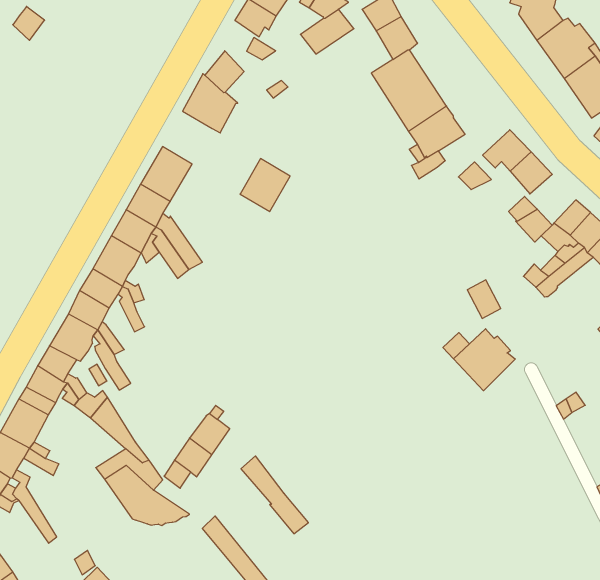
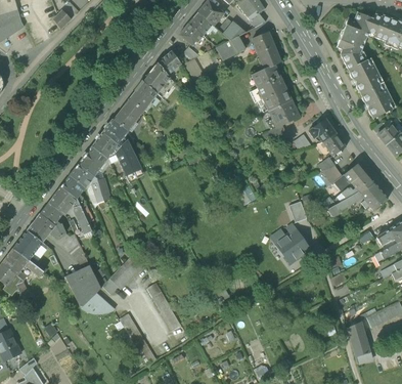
building: [240,159,290,212] -> [128,81,158,112]

